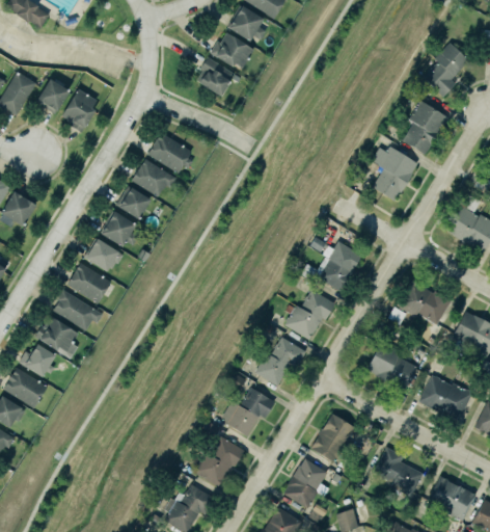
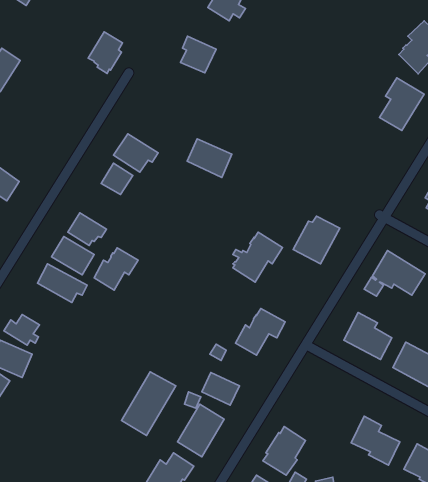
building: [210,32,253,69] -> none
building: [35,80,67,113] -> none
building: [60,89,96,132] -> [88,32,123,73]
building: [148,134,194,174] -> [187,139,232,178]
building: [372,147,418,202] -> none
building: [102,212,138,245] -> none
building: none -> [94,248,138,290]
building: [285,288,336,339] -> [233,232,282,282]
building: [35,316,79,357] -> none
building: [242,388,276,419] -> none
building: none -> [122,372,176,436]
building: [311,414,355,462] -> none

